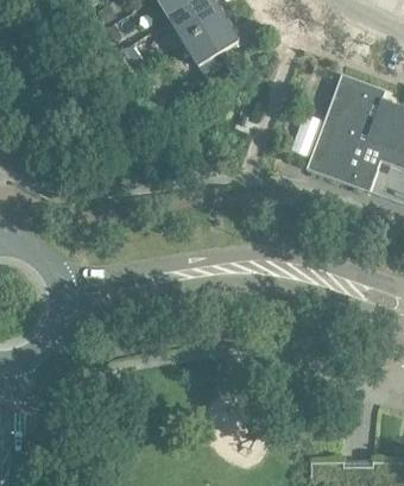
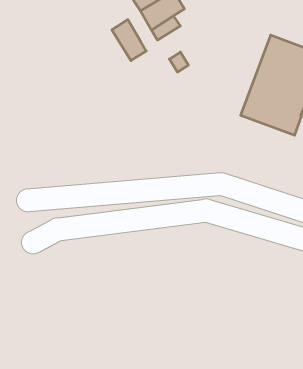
building: none -> [112,20,146,61]

